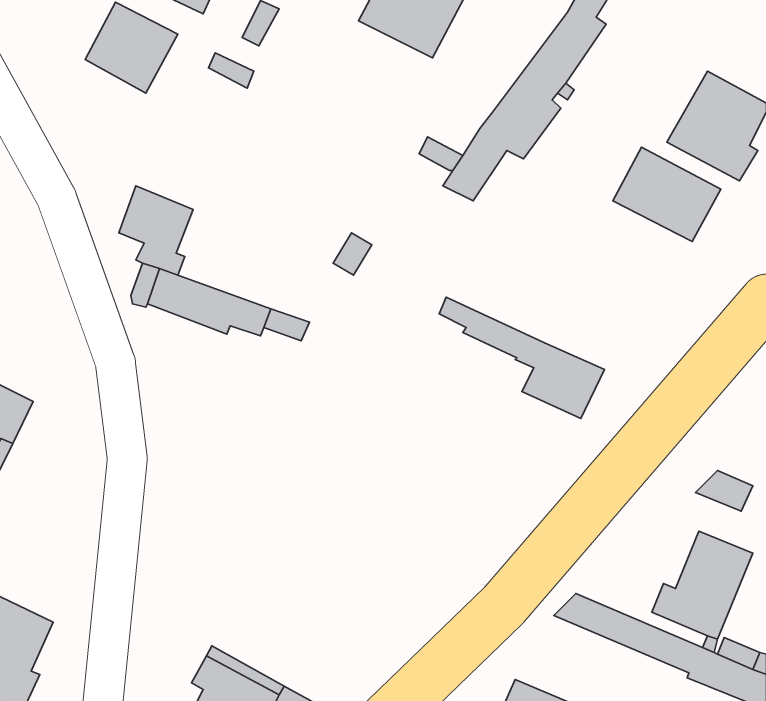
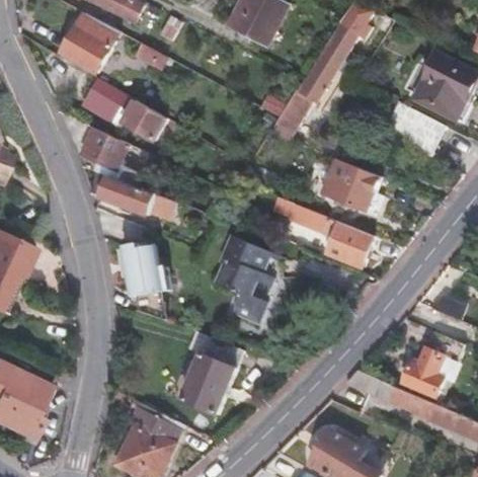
building: none -> [92,81,168,137]
building: none -> [321,154,381,208]
building: none -> [211,233,275,322]
building: none -> [121,240,168,296]
building: none -> [184,330,242,416]

